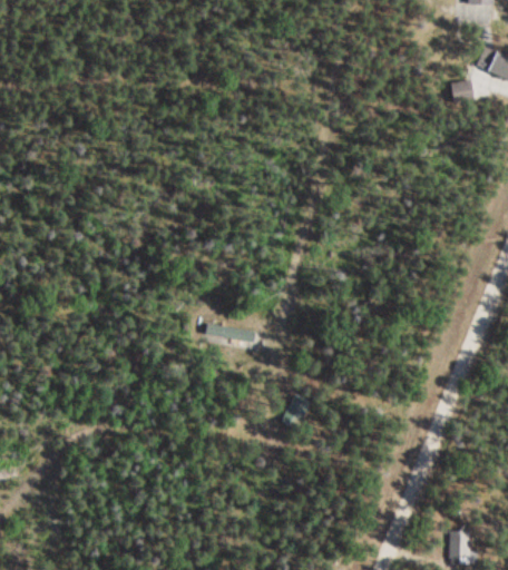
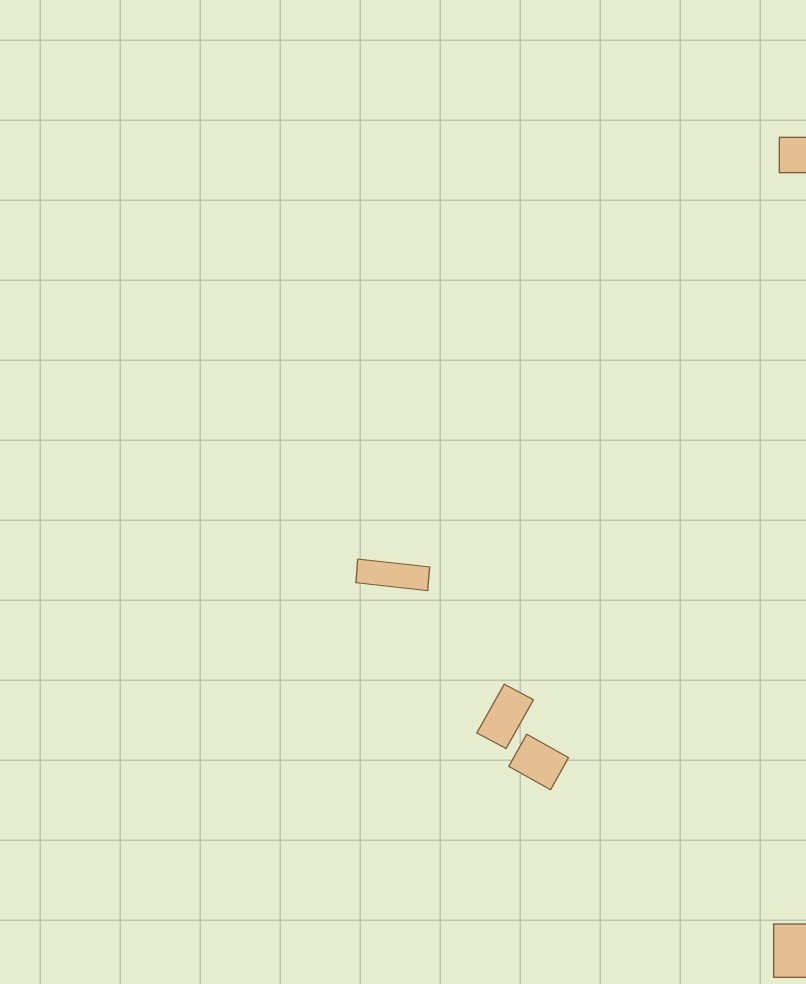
building: none -> [509,734,568,790]

